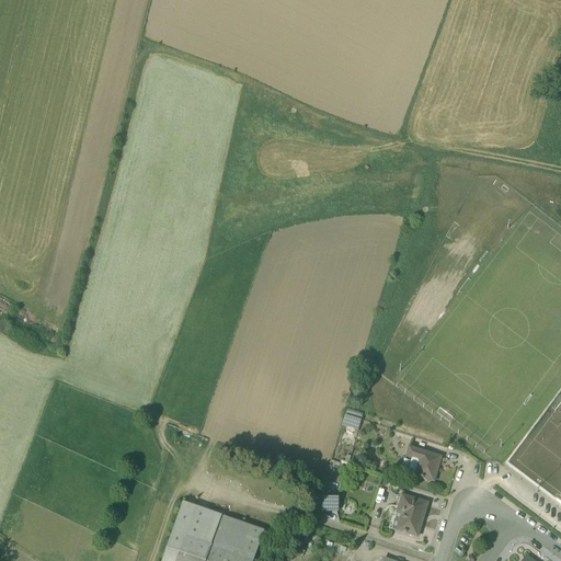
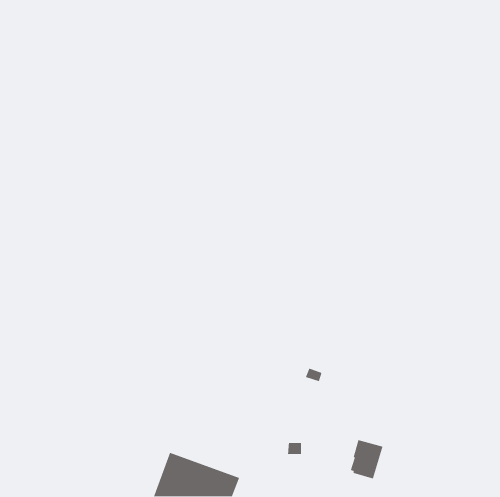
building: [405,444,442,478] -> none

